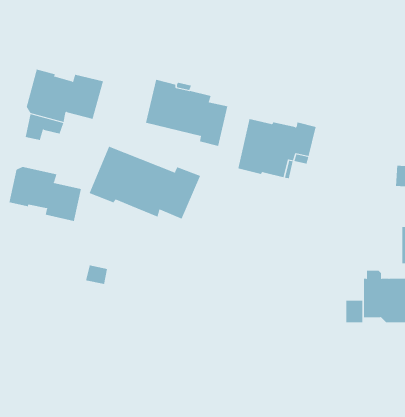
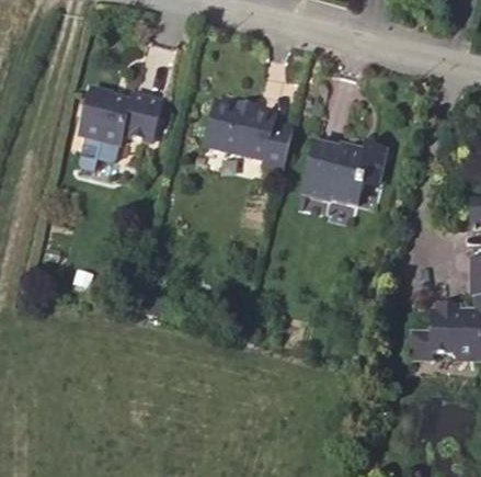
building: [89,146,201,220] -> none
building: [9,166,82,222] -> none

